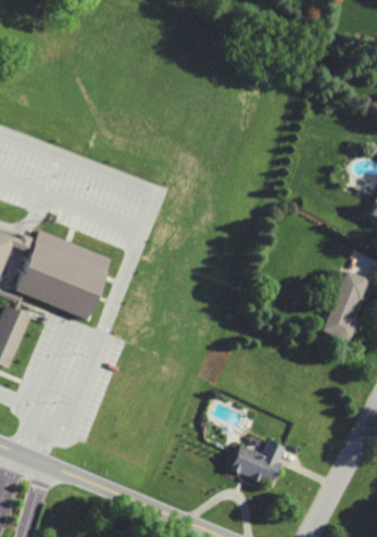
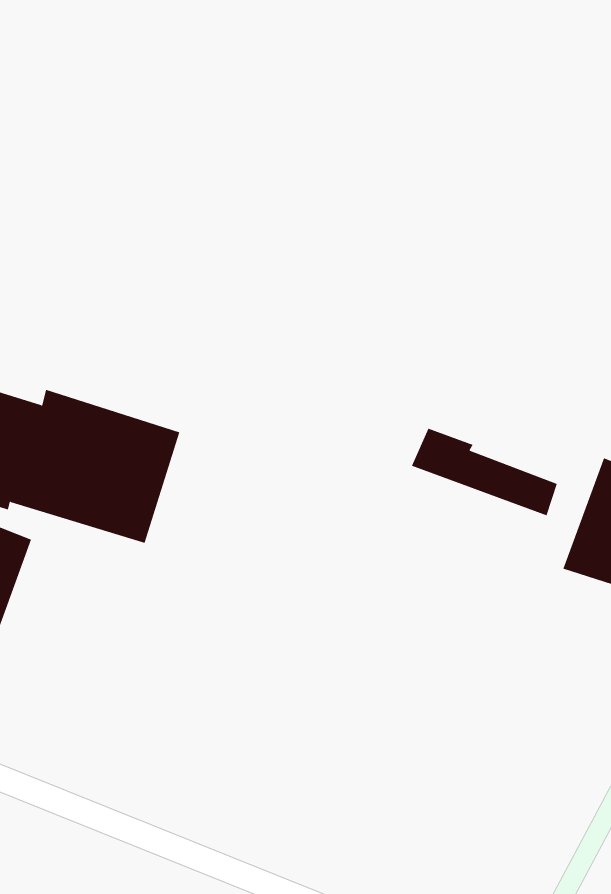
building: none -> [411,428,558,516]
building: [230,440,285,485] -> none

